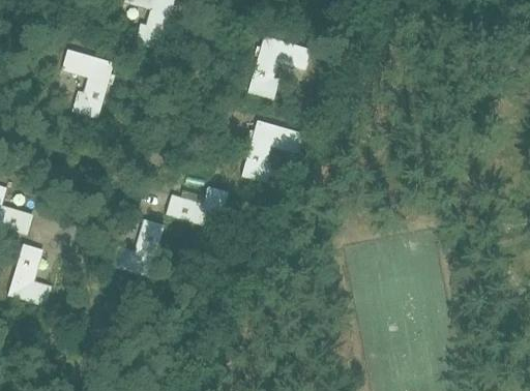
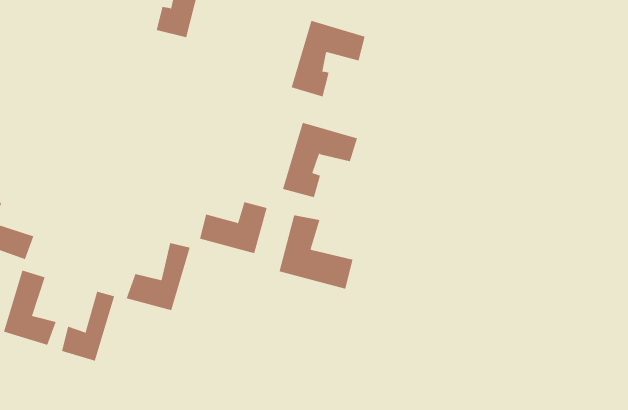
building: [61,49,113,118] -> none
building: none -> [279,215,353,290]
building: none -> [61,291,115,361]

